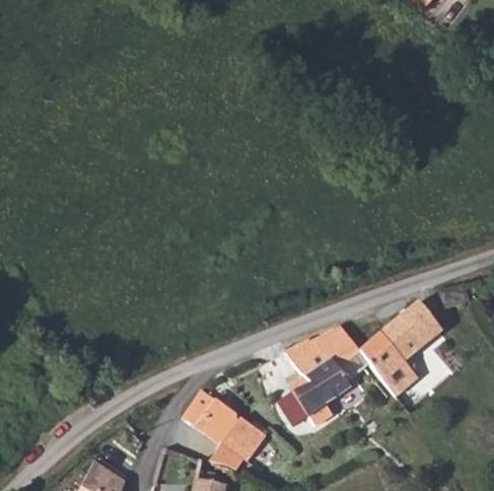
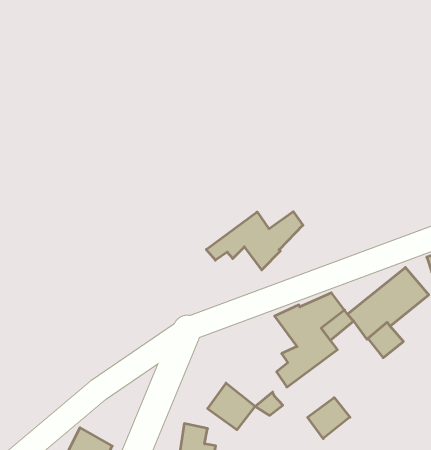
building: none -> [206,212,303,270]
building: [184,392,238,444] -> none
building: none -> [308,398,350,439]

